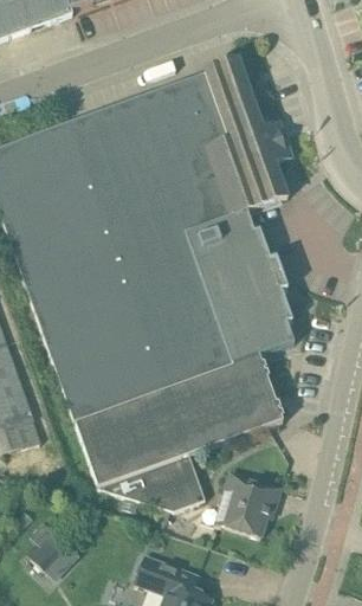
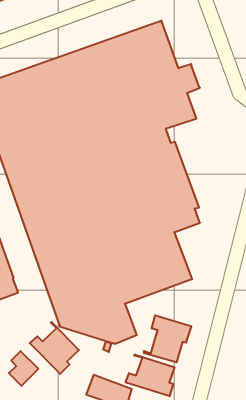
building: none -> [30,322,79,374]
building: none -> [126,354,174,396]

